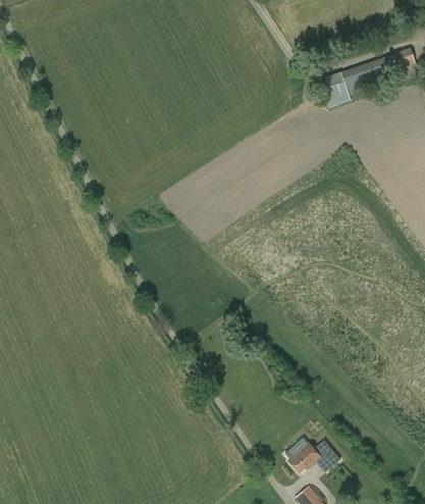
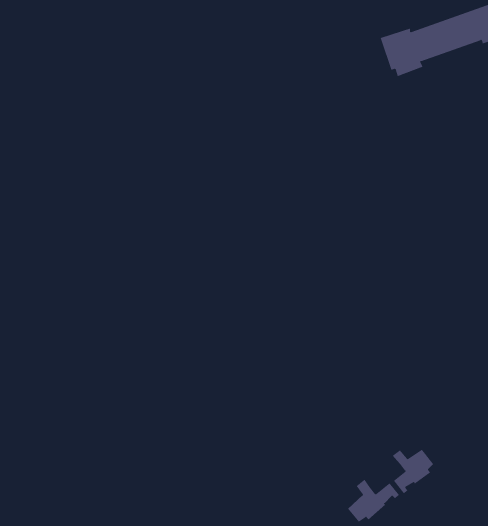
building: none -> [392,449,434,494]

